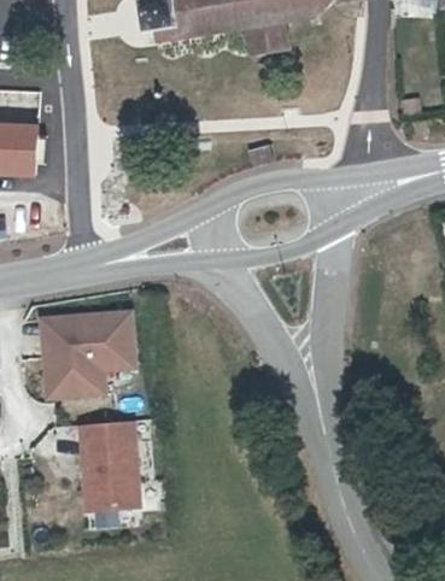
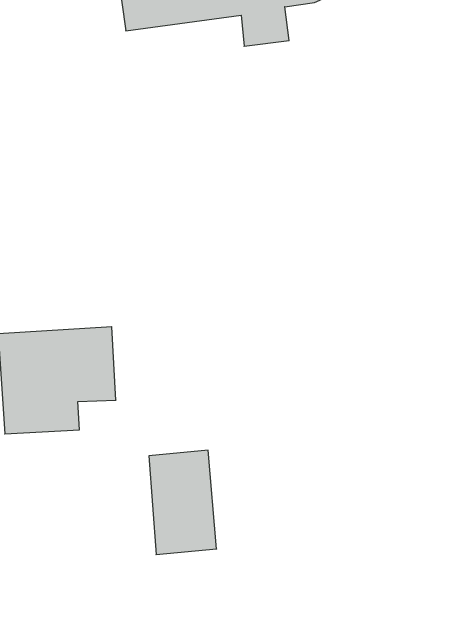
building: [89,429,147,518] -> [149,450,217,555]

